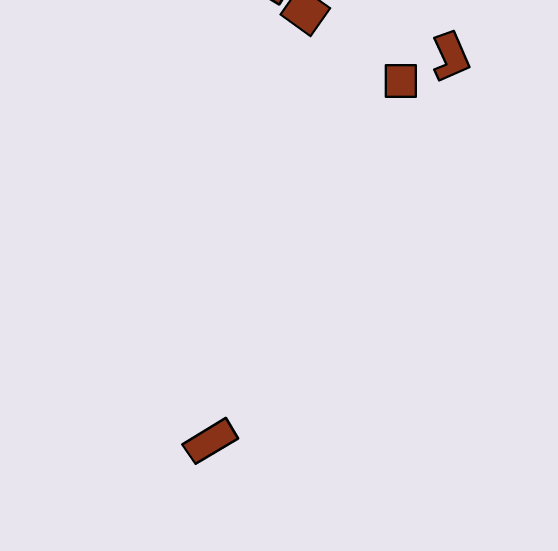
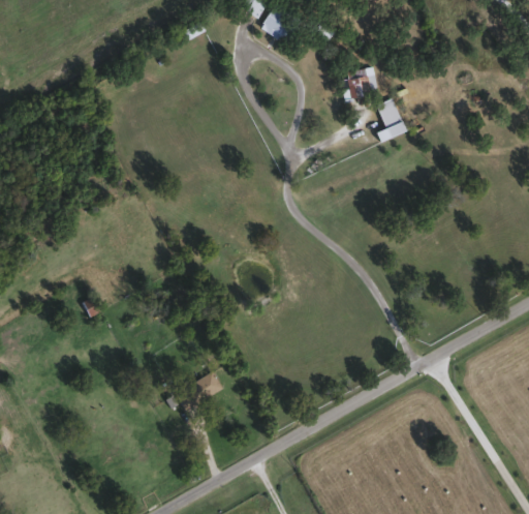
building: [434,31,469,80] -> [376,99,406,142]

